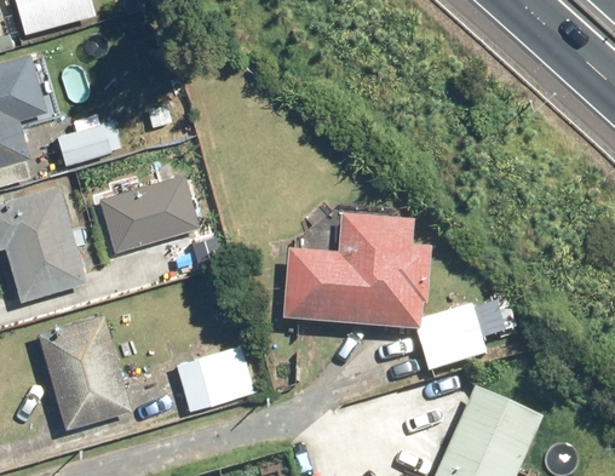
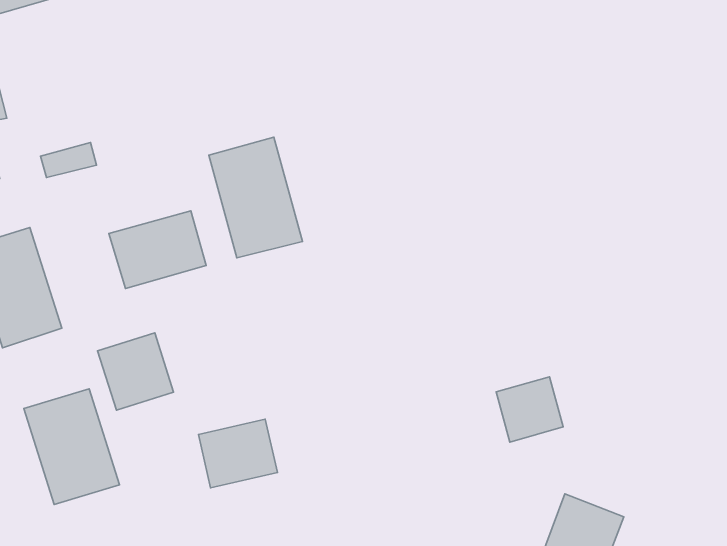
building: none -> [209,137,303,258]
building: [297,231,419,328] -> none
building: none -> [98,333,174,410]

